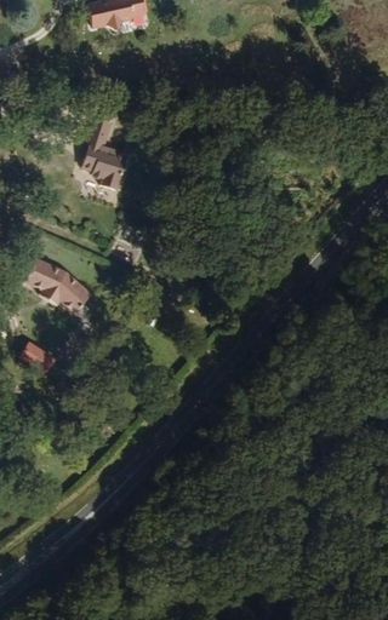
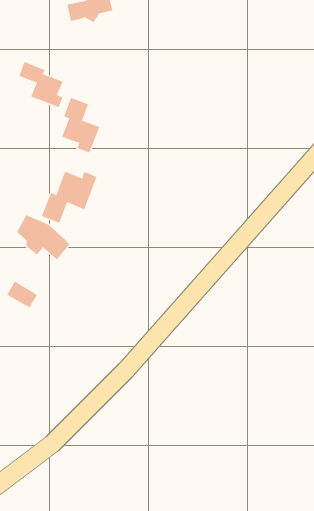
building: none -> [19,61,63,108]
building: none -> [41,171,97,224]

